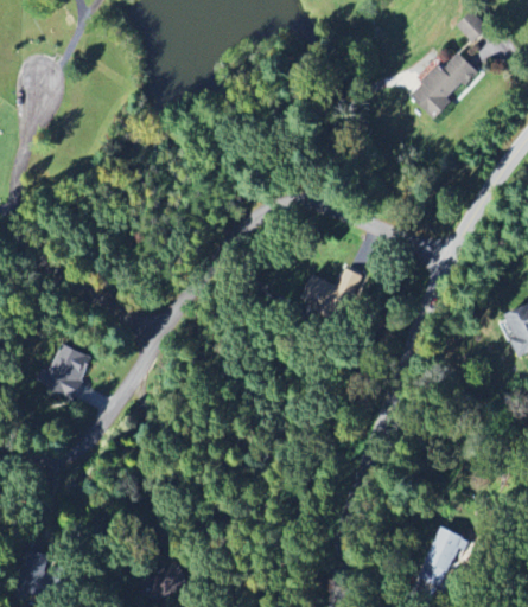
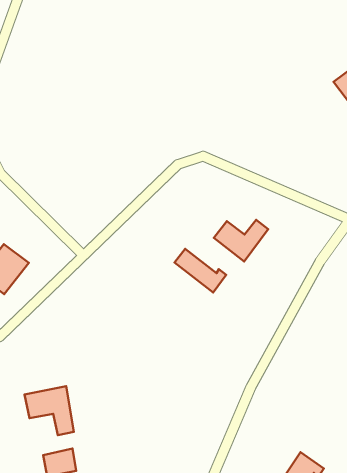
building: none -> [174,249,226,293]
building: none -> [25,386,74,435]

